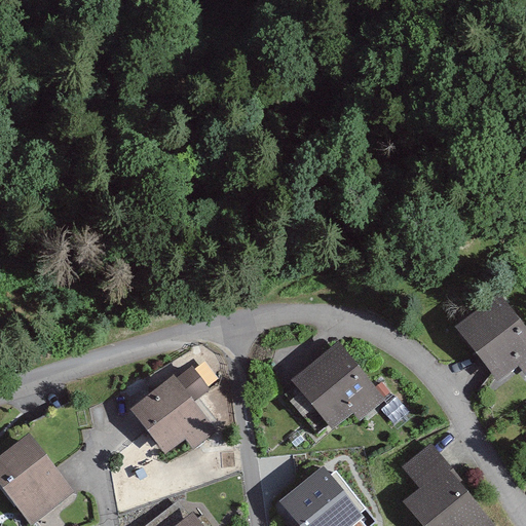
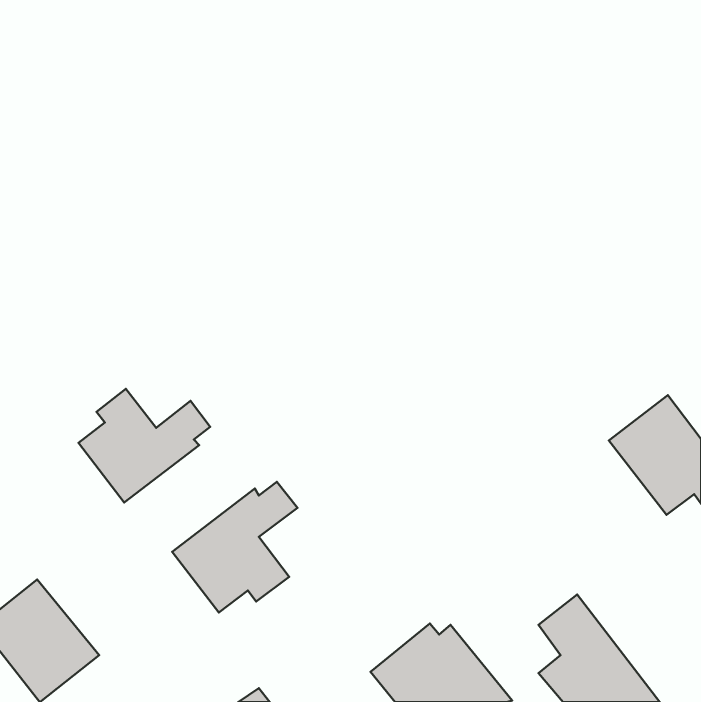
building: none -> [79,389,210,503]
building: [290,343,385,433] -> none

